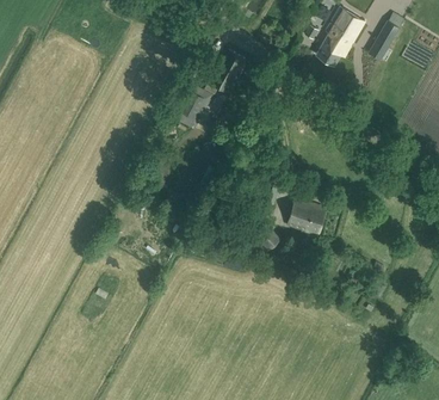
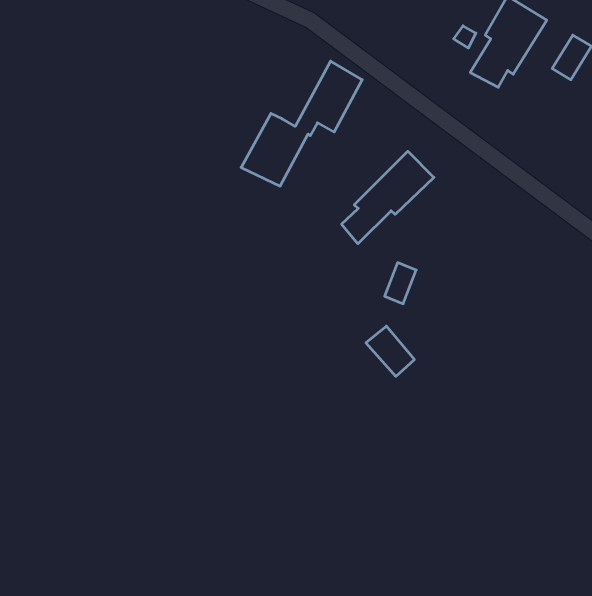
building: none -> [342,151,434,244]
building: [287,198,327,234] -> none

